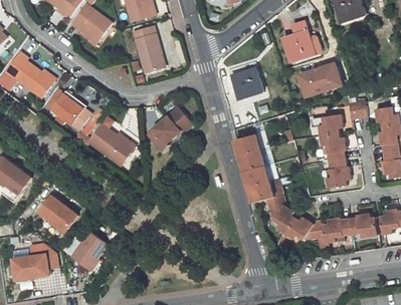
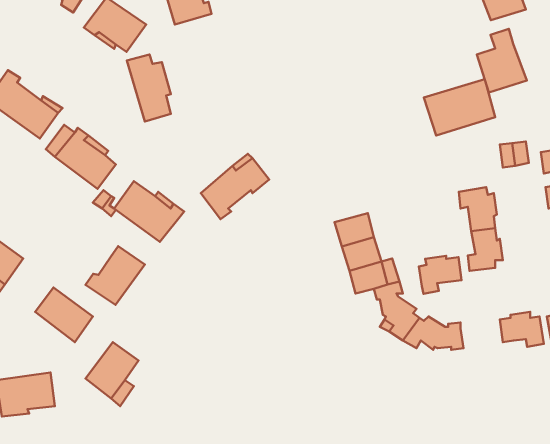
building: [281,20,315,62] -> [477,29,527,93]
building: [133,30,162,74] -> [127,55,171,121]
building: [230,67,262,99] -> none
building: [310,113,342,134] -> none
building: [233,132,259,155] -> none
building: none -> [85,246,145,305]
building: [321,218,349,243] -> [419,256,461,294]

